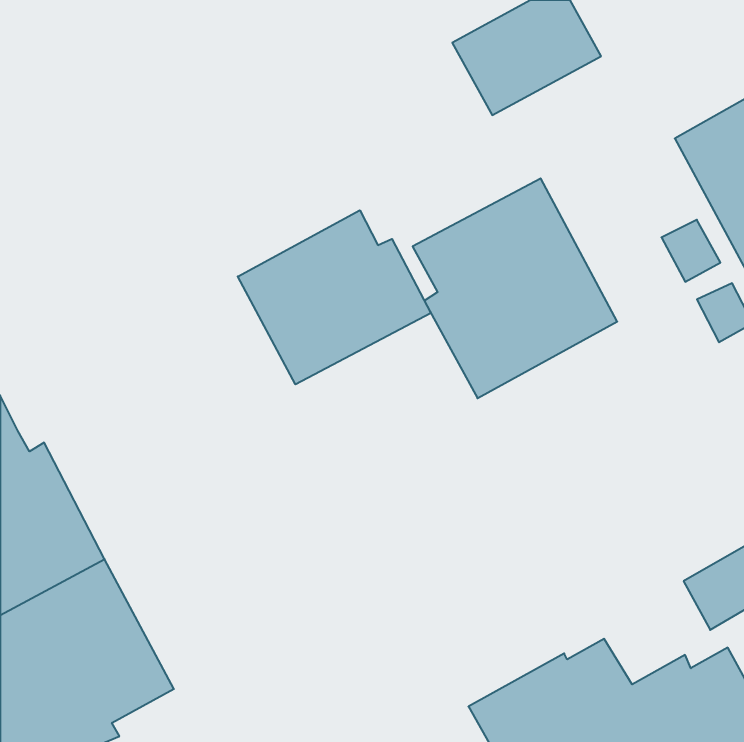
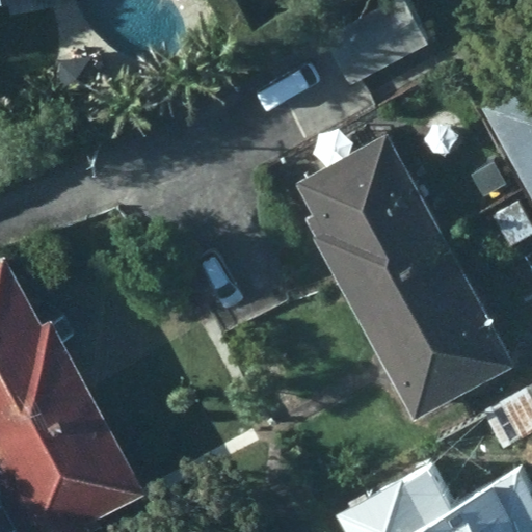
building: [238,210,431,384] -> none
building: none -> [343,235,512,420]

